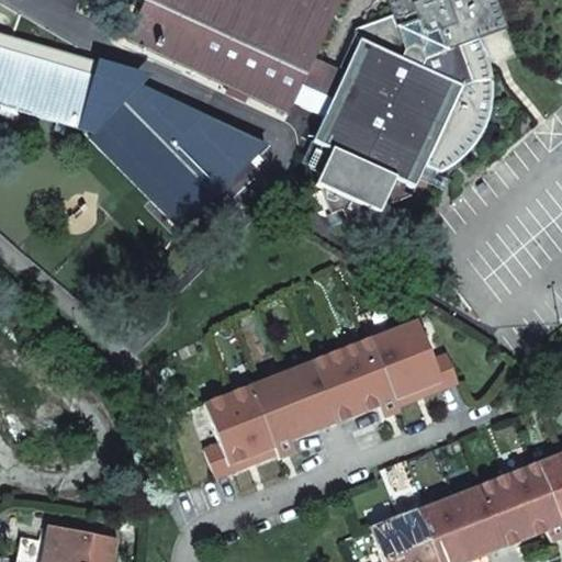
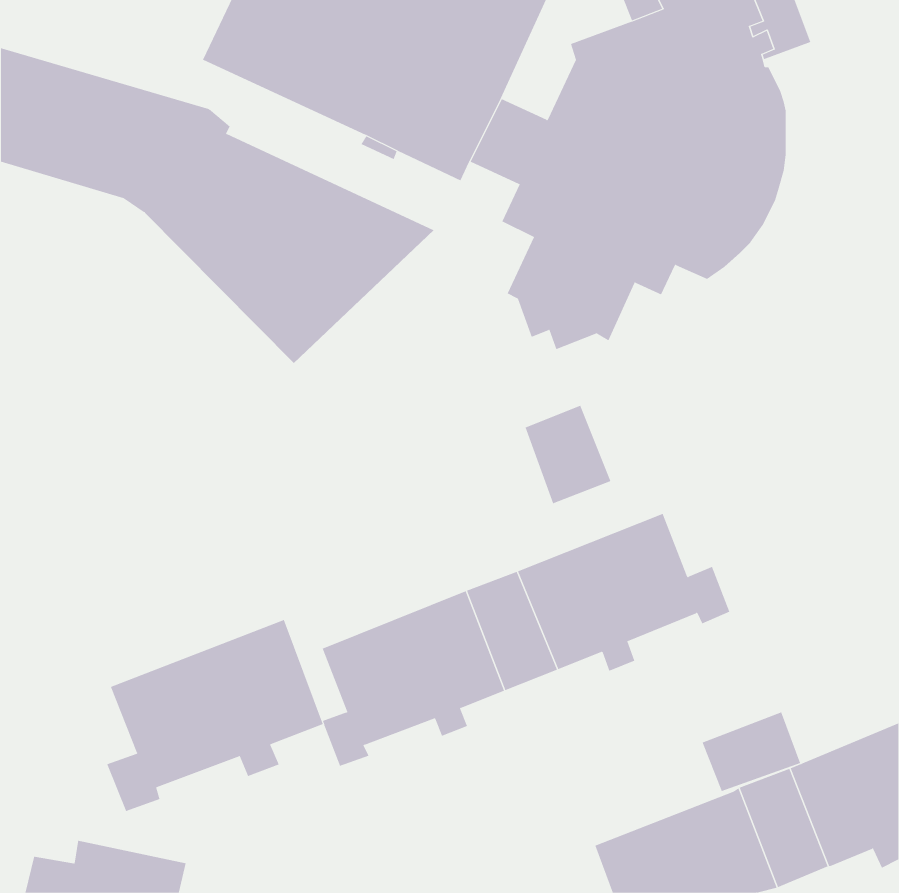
building: none -> [525,405,611,504]
building: none -> [107,619,323,812]
building: none -> [702,711,801,792]

